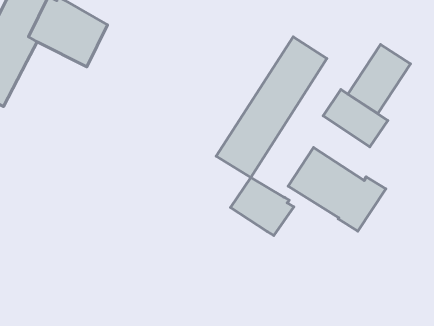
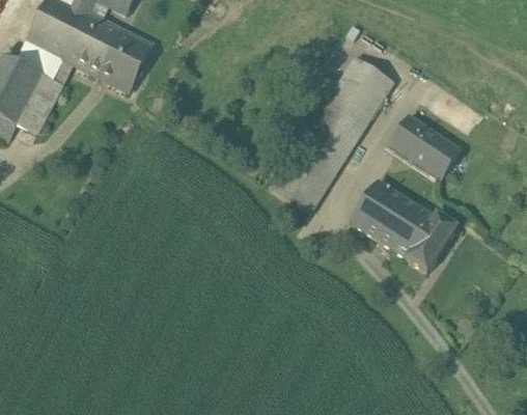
building: [348,45,410,113] -> none
building: [231,178,294,236] -> none

